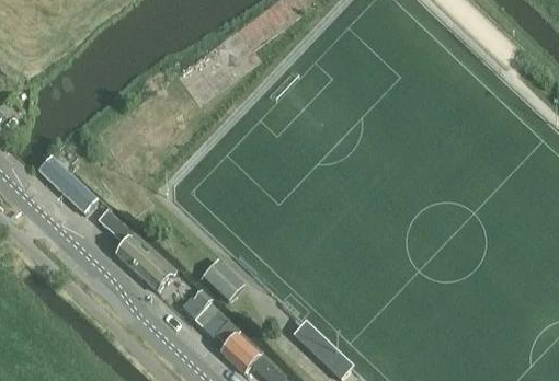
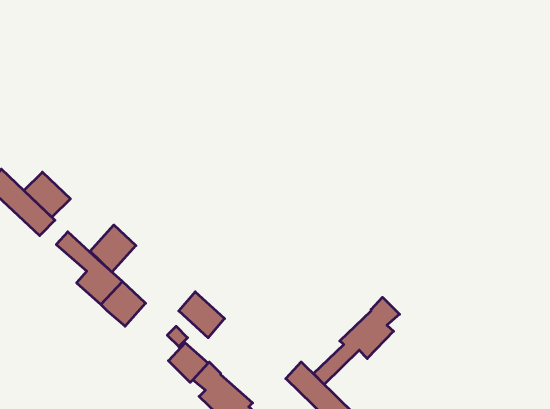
building: none -> [24,172,70,217]
building: none -> [90,225,136,272]
building: none -> [313,297,400,384]

